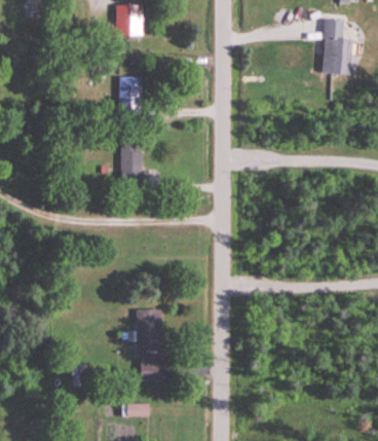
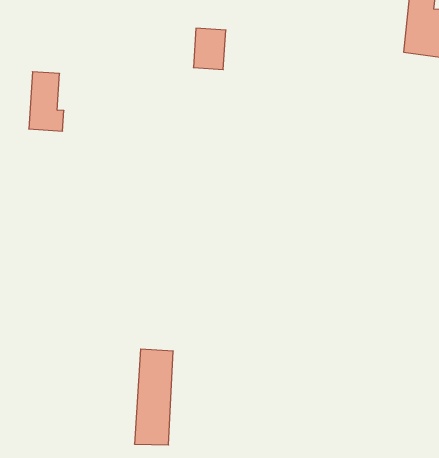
building: [119,77,142,107] -> [193,28,226,70]
building: [121,141,147,184] -> [29,72,64,131]

